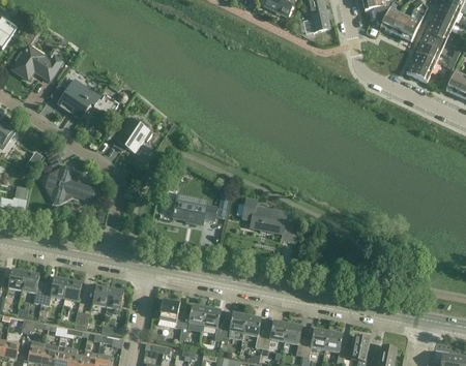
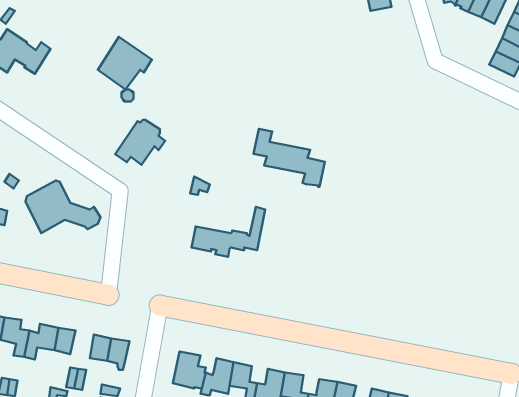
building: [57,78,99,119] -> [98,37,152,90]
building: [241,197,297,243] -> [254,129,325,187]

